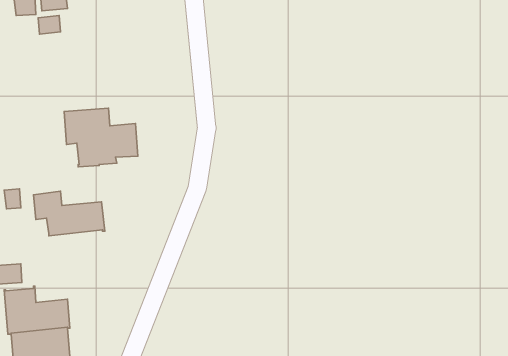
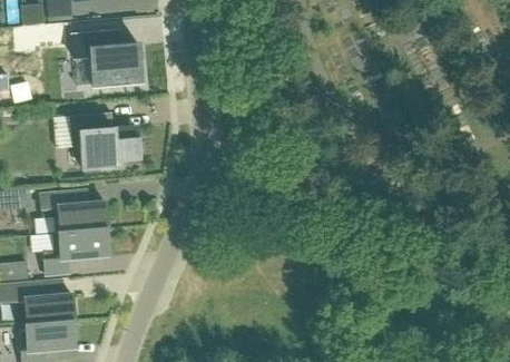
building: none -> [72,31,141,87]
building: none -> [43,228,108,275]

